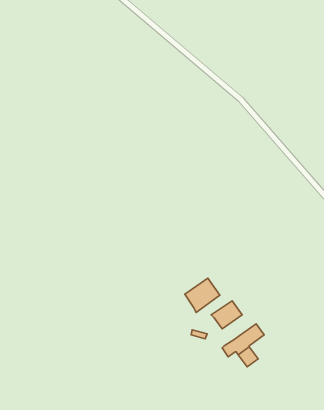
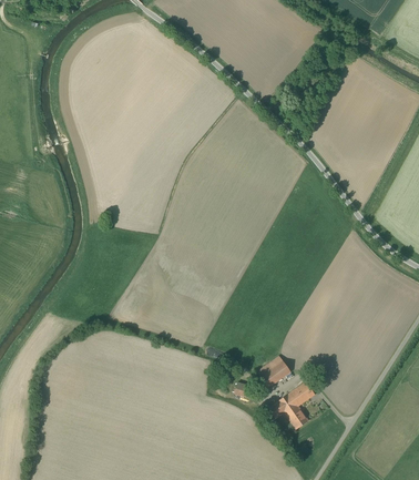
building: [185,278,220,312] -> none

